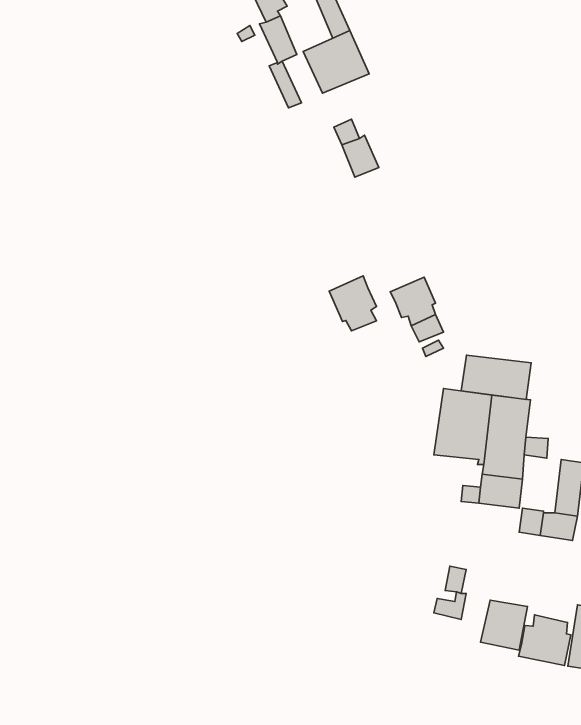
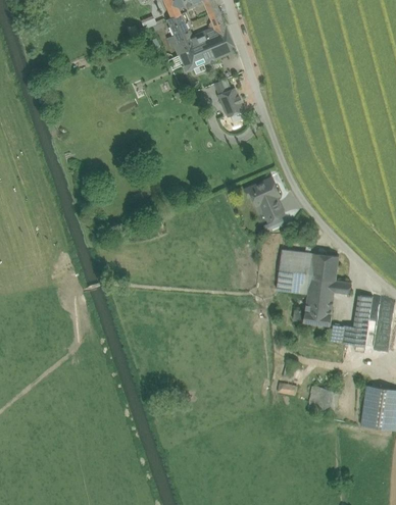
building: none -> [181,36,206,68]
building: [329,276,377,331] -> none
building: [461,355,531,399] -> none
building: [518,615,571,665] -> none

